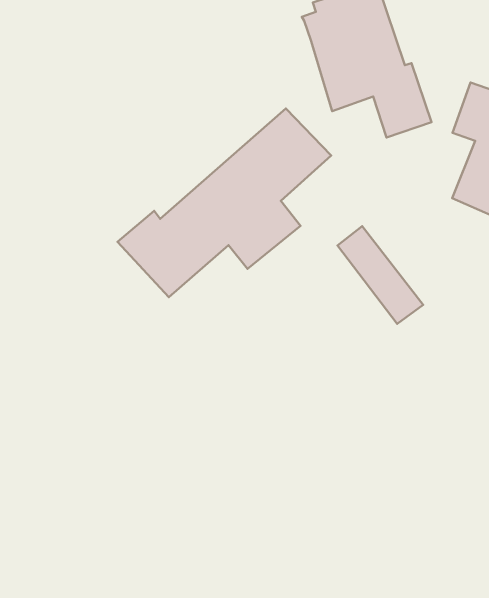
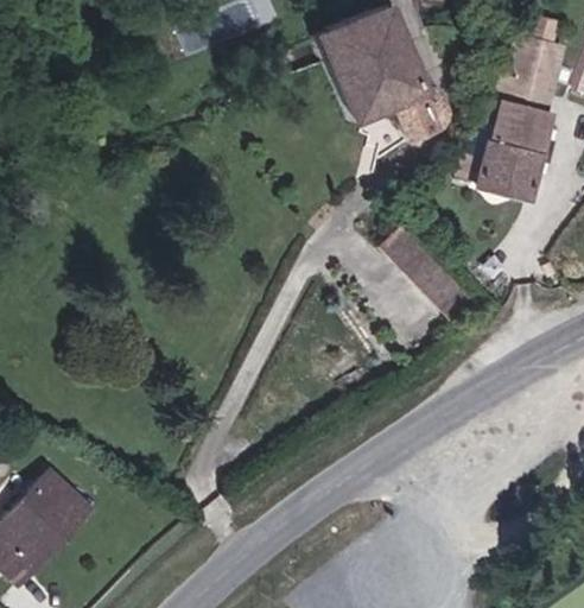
building: [118,108,331,297] -> none

